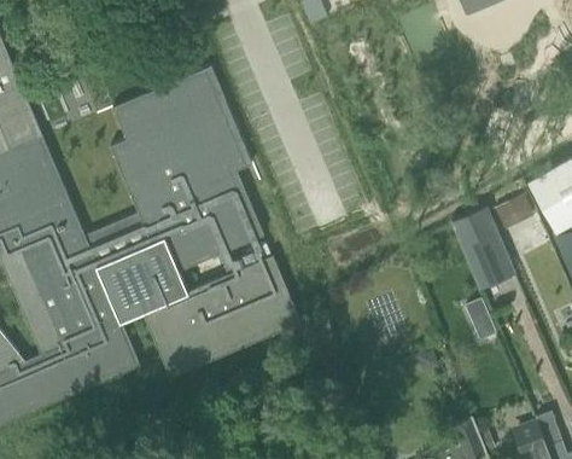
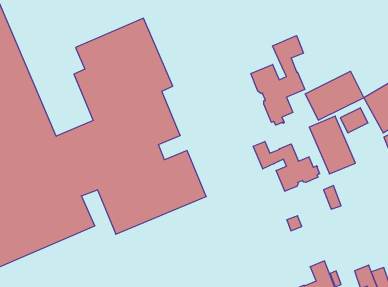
building: none -> [251,36,305,125]
building: none -> [305,71,364,120]
building: none -> [253,141,320,191]

